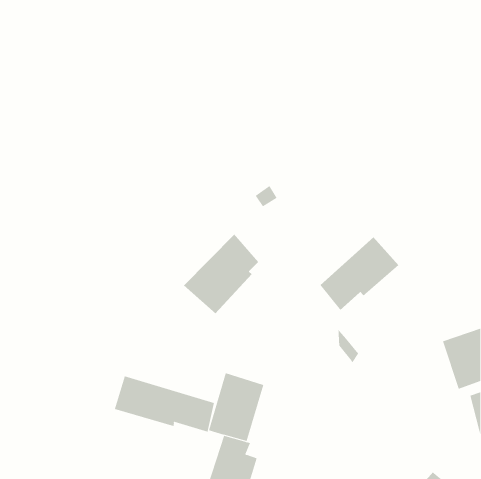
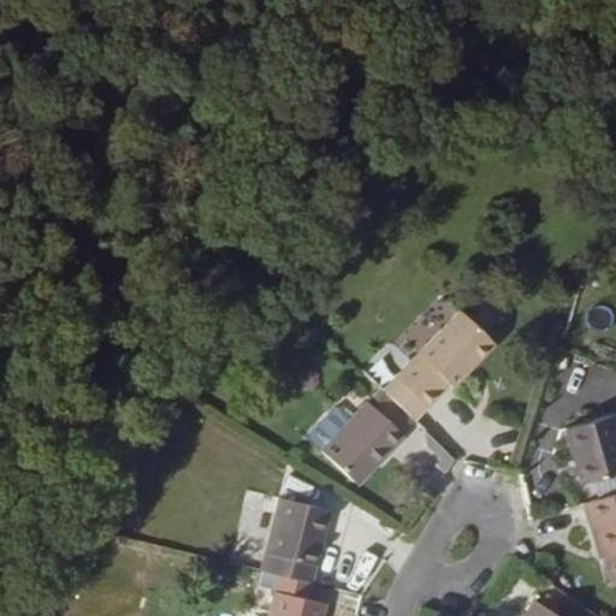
building: [183,233,259,314] -> [320,377,416,479]
building: [114,376,215,433] -> none

